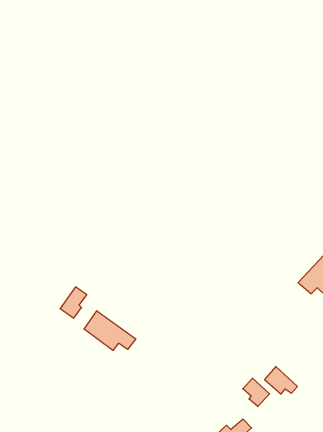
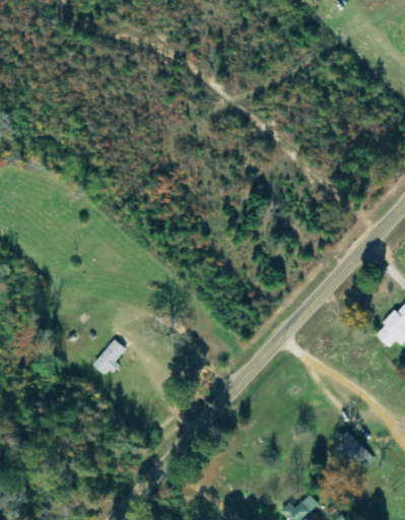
building: [84,311,136,350] -> none
building: [243,378,270,407] -> none

